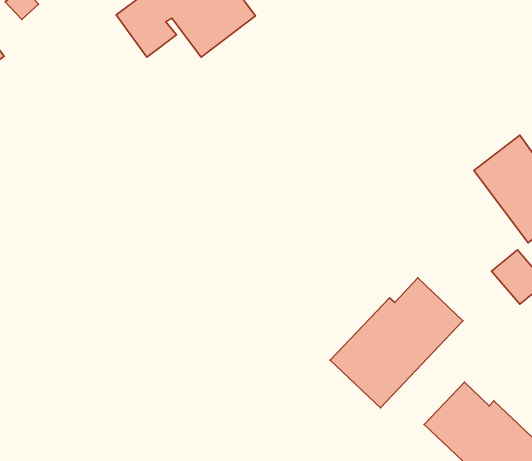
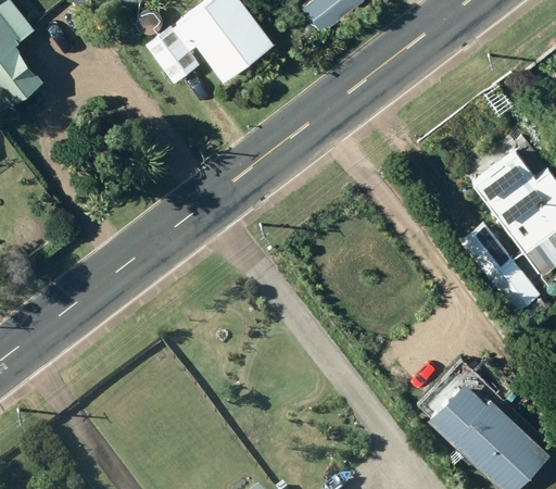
building: [330,278,463,408] -> none

